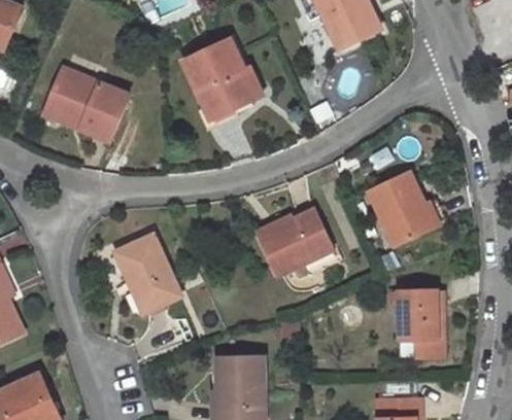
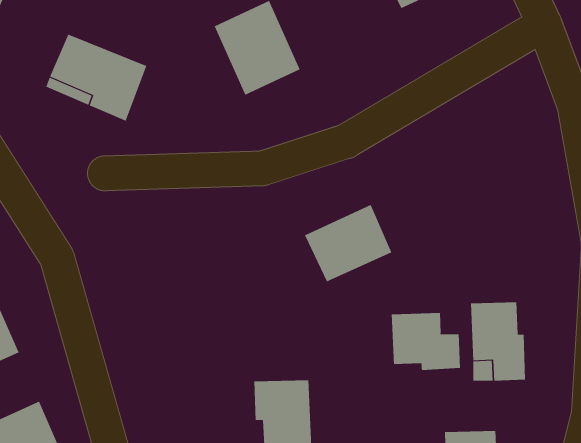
building: [368,171,434,246] -> none
building: [115,236,179,312] -> none
building: none -> [391,312,460,371]

